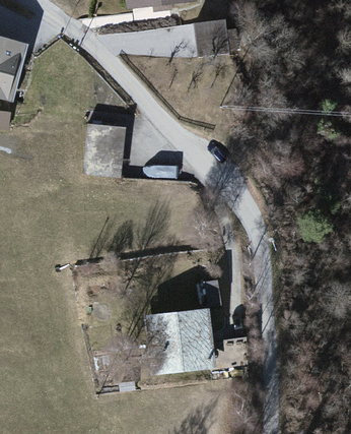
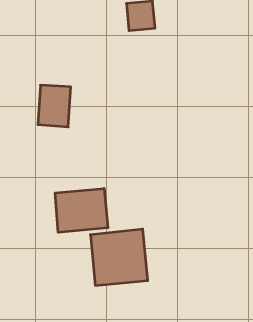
building: none -> [55,188,108,232]

